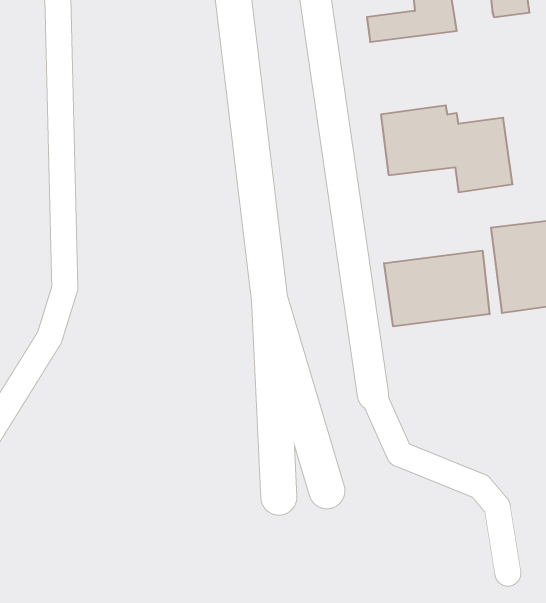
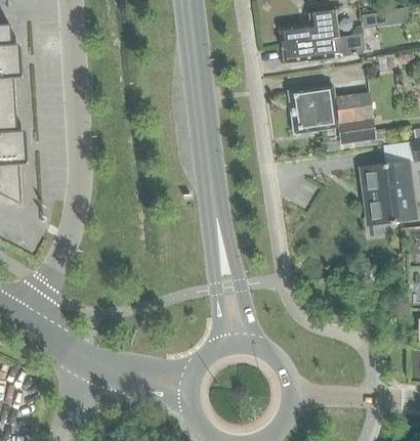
building: none -> [281,33,365,61]
building: [384,251,490,326] -> none

